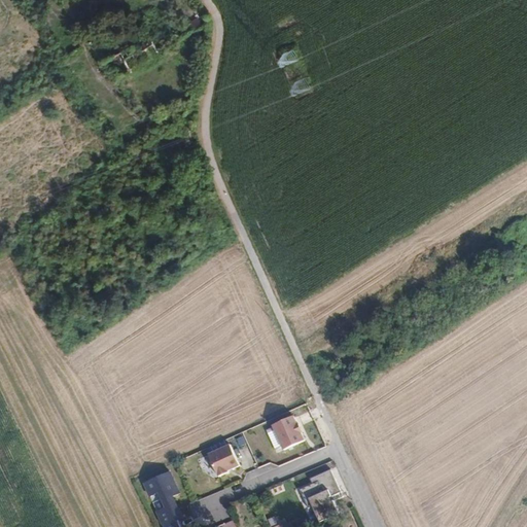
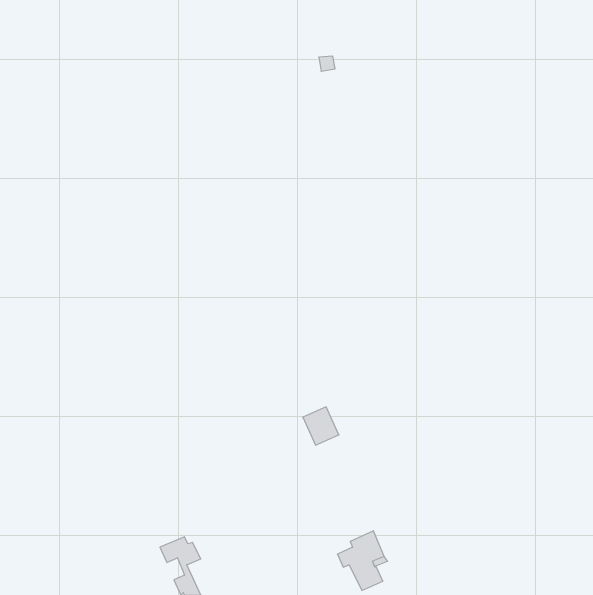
building: [271,415,303,449] -> [303,407,339,445]
building: [206,444,237,477] -> none

